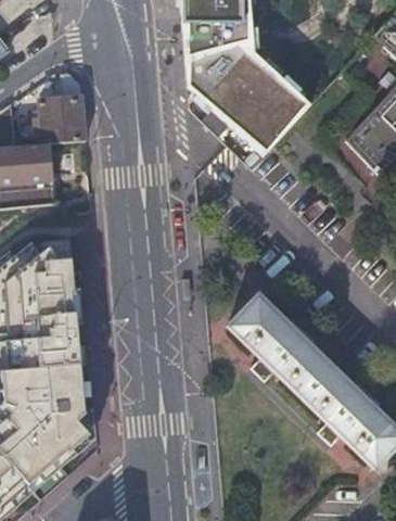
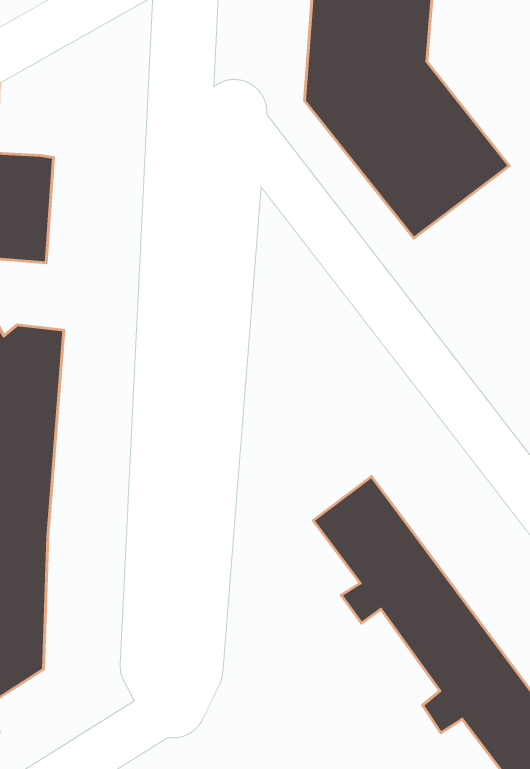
building: [38,68,86,140] -> none

